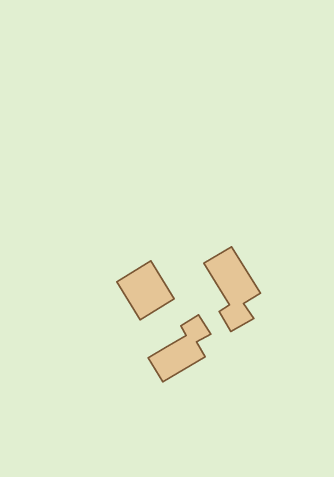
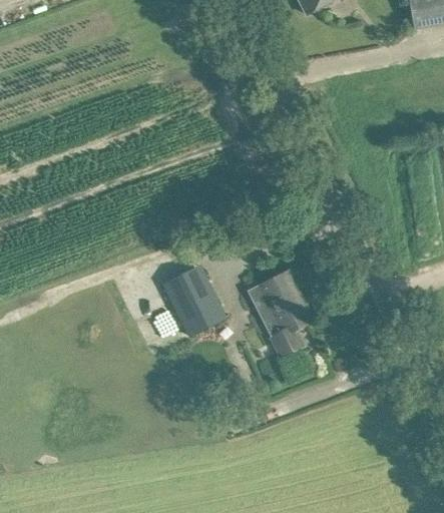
building: [148,315,211,382] -> none

